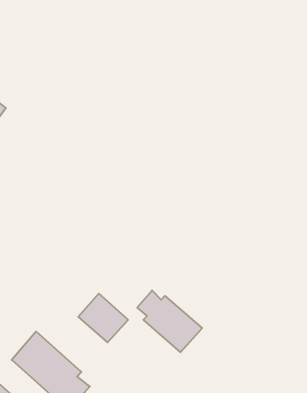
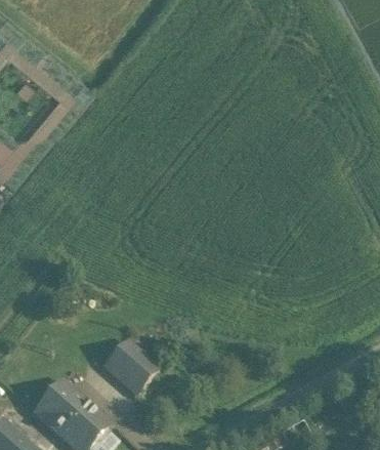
building: [137,290,202,352] -> none

